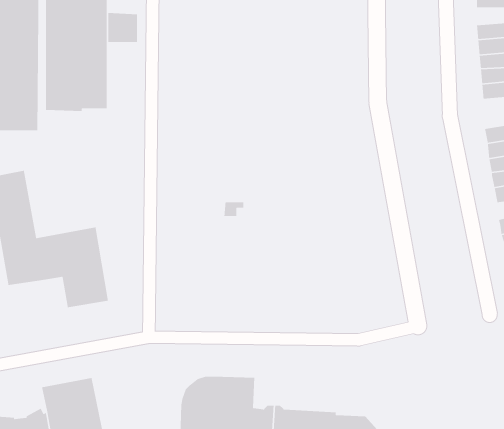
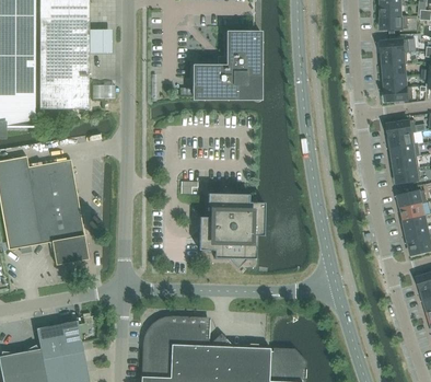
building: none -> [191,31,260,100]
building: none -> [22,155,79,210]
building: none -> [200,186,261,266]

